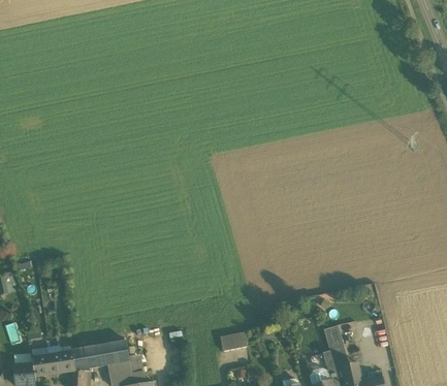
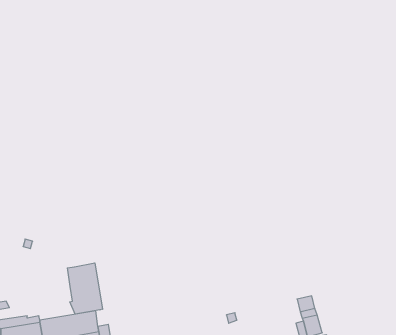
building: none -> [67,263,103,314]
building: [219,331,247,351] -> none

